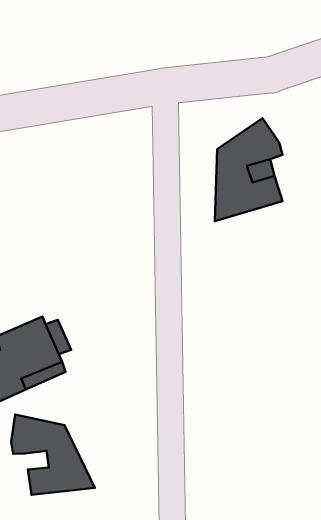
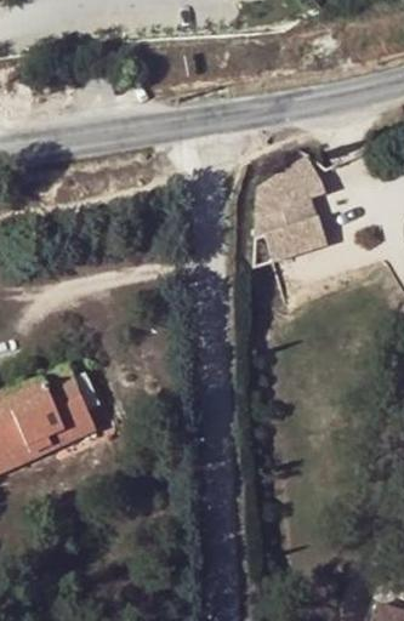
building: [11,414,95,495] -> none

